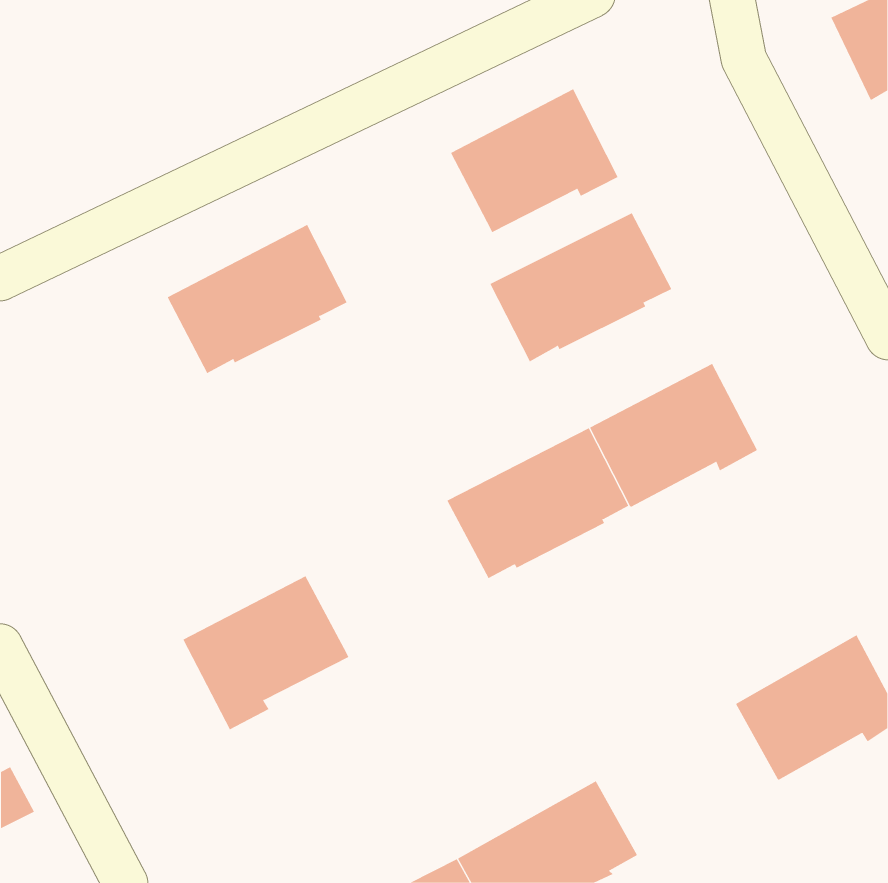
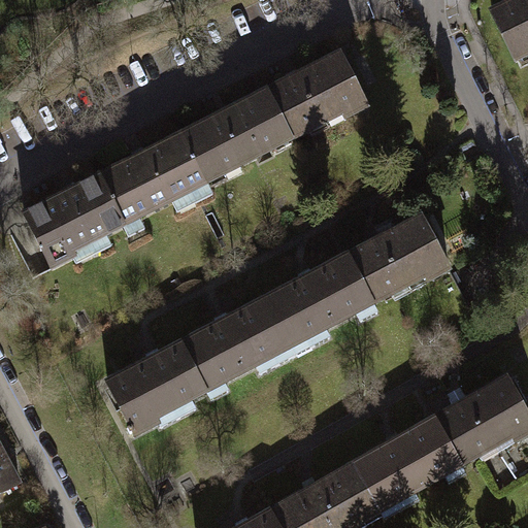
building: [490,213,672,362] -> [183,91,291,179]
building: none -> [25,176,123,265]
building: none -> [182,297,290,388]
building: none -> [354,418,461,507]

